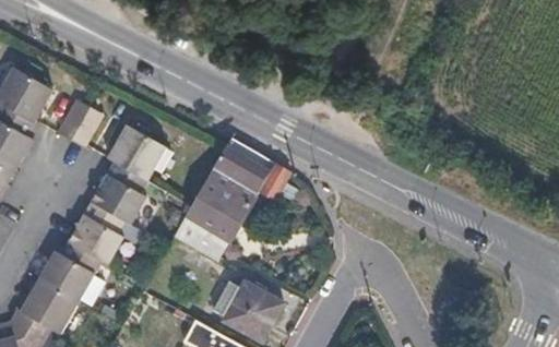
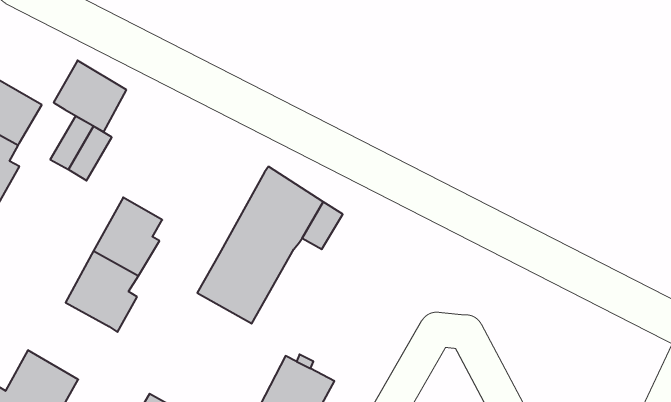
building: [107,123,164,179] -> [54,60,126,132]
building: [41,243,105,303] -> none

